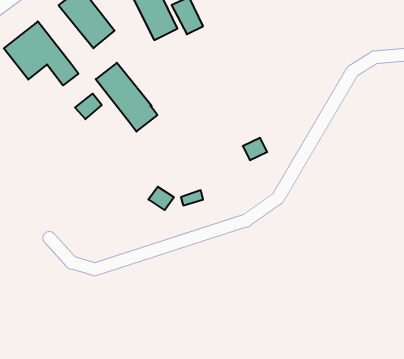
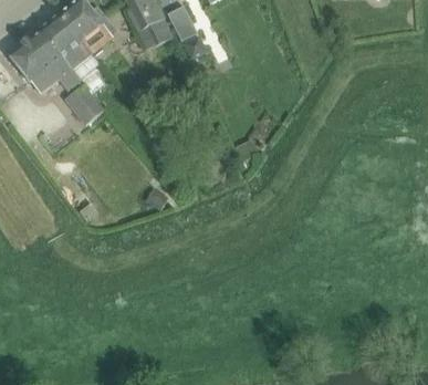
building: [96,63,157,132] -> [40,13,98,79]

